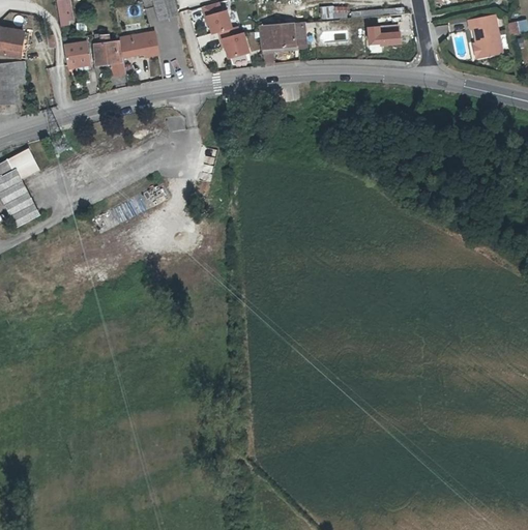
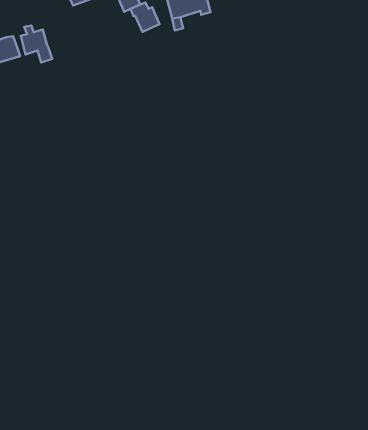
building: [119,29,158,56] -> none

